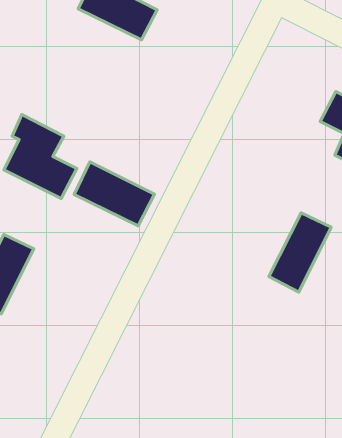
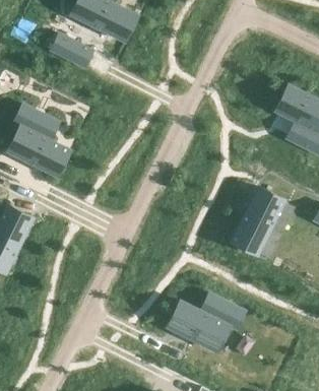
building: none -> [51,35,91,67]
building: [74,162,155,226] -> none
building: none -> [167,294,244,351]

